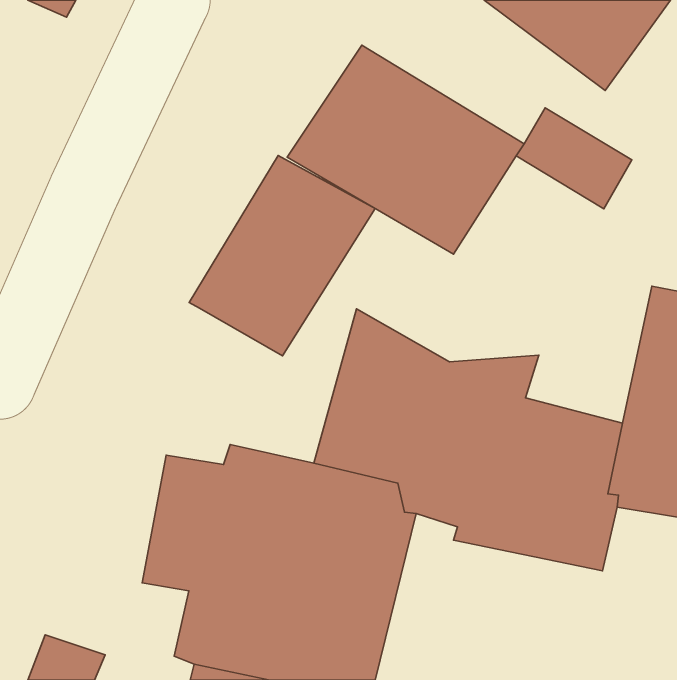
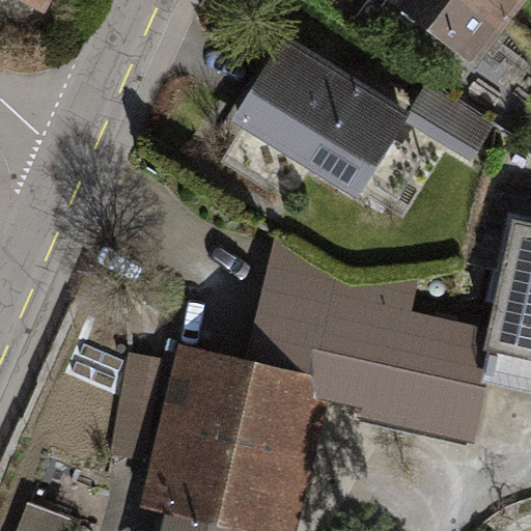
building: [189,156,375,356] -> none

